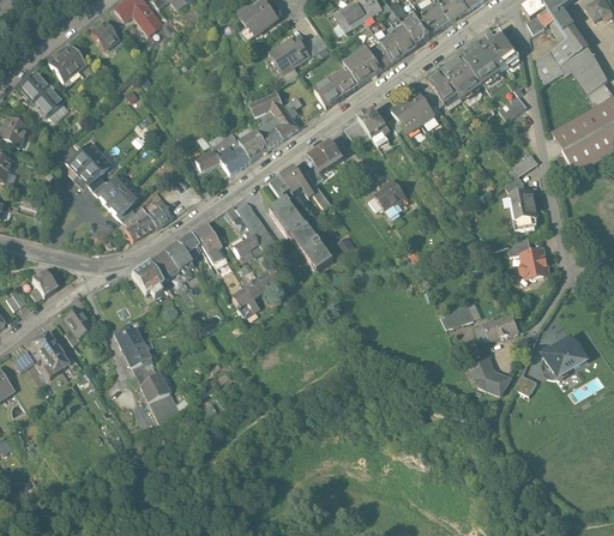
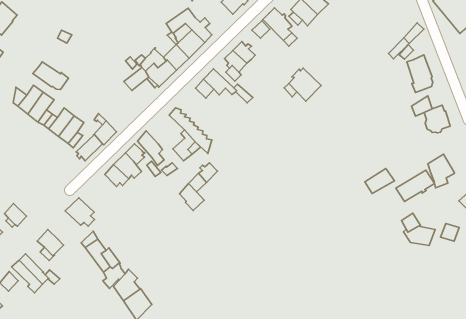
building: none -> [33,62,69,89]
building: [270,195,335,271] -> none
building: [131,263,163,296] -> [65,198,94,226]
building: none -> [428,154,455,188]

